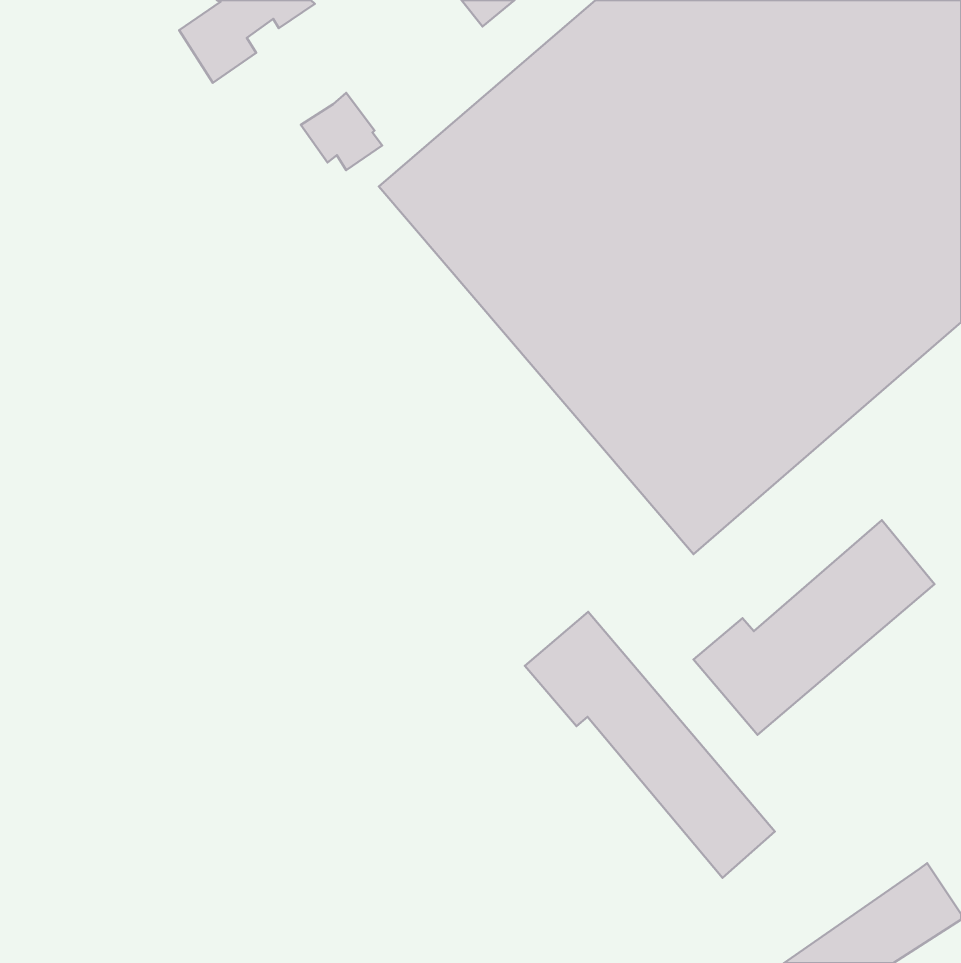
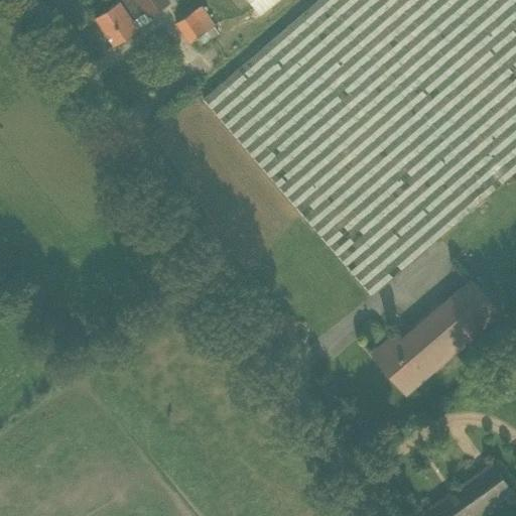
building: [301,93,382,170] -> [175,5,219,46]
building: [525,612,775,878] -> none

